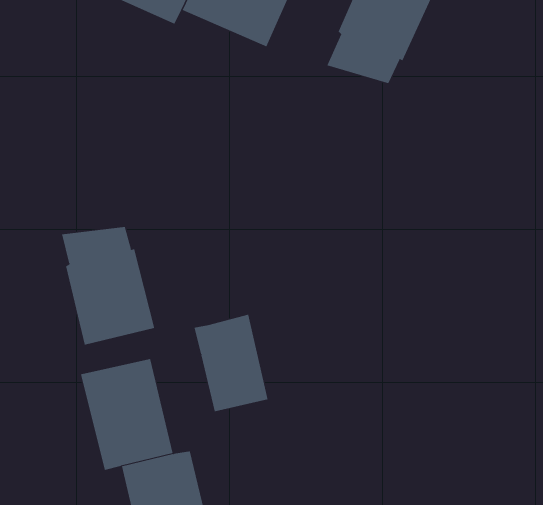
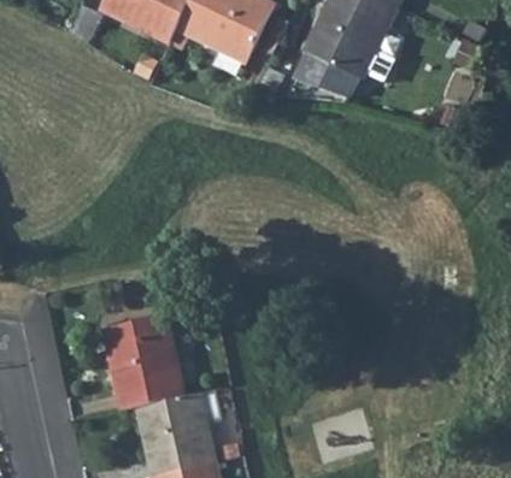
building: [61,226,155,346] -> none
building: [194,314,268,412] -> none

